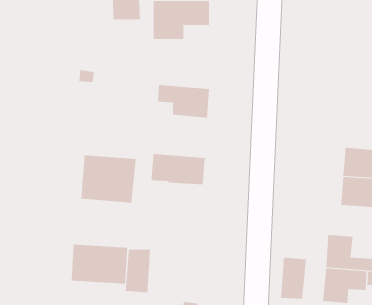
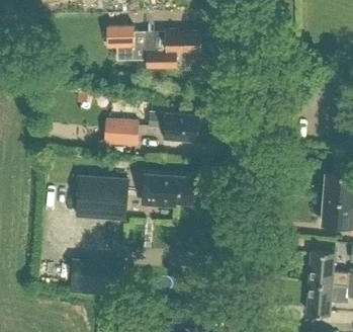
building: none -> [104,118,139,146]
building: [125,249,150,293] -> none
building: [280,257,306,299] -> none

